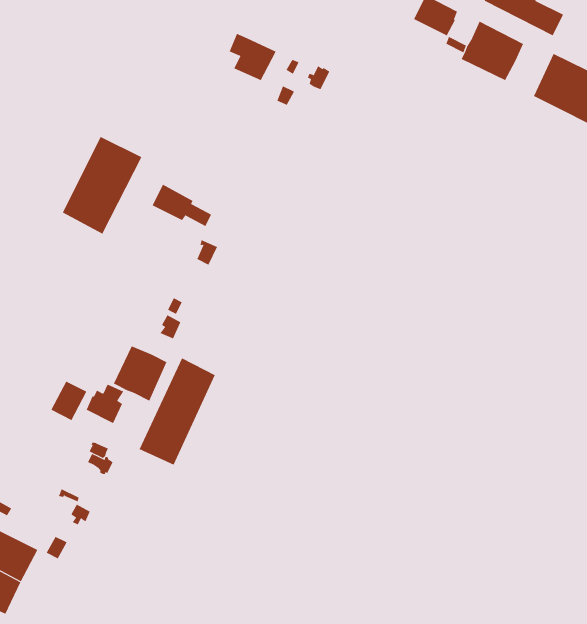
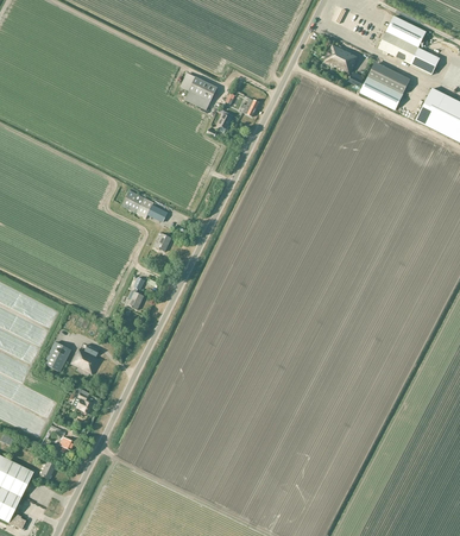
building: [62,136,142,234] -> none
building: [113,345,167,401] -> none
building: [139,358,215,465] -> none

